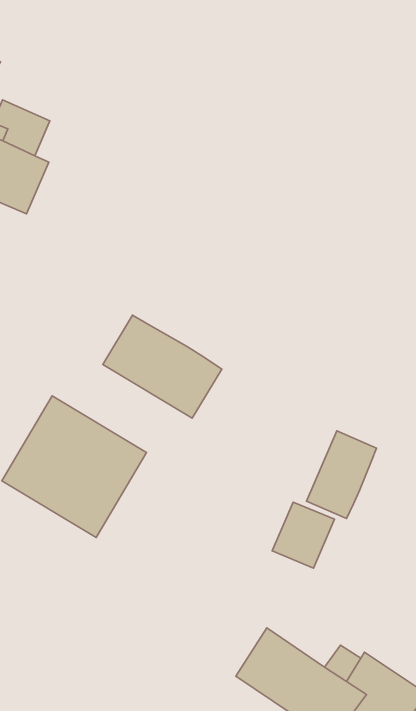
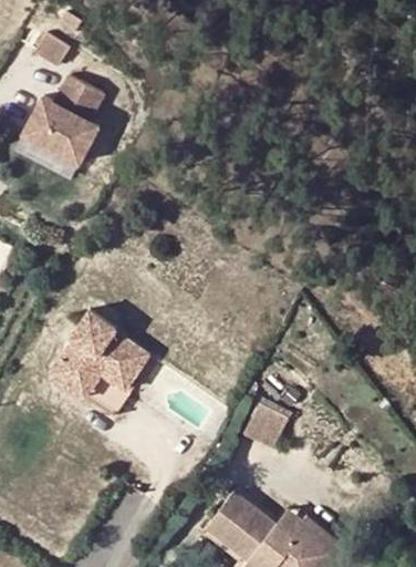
building: [103,315,222,418] -> none
building: [307,431,377,518] -> none

